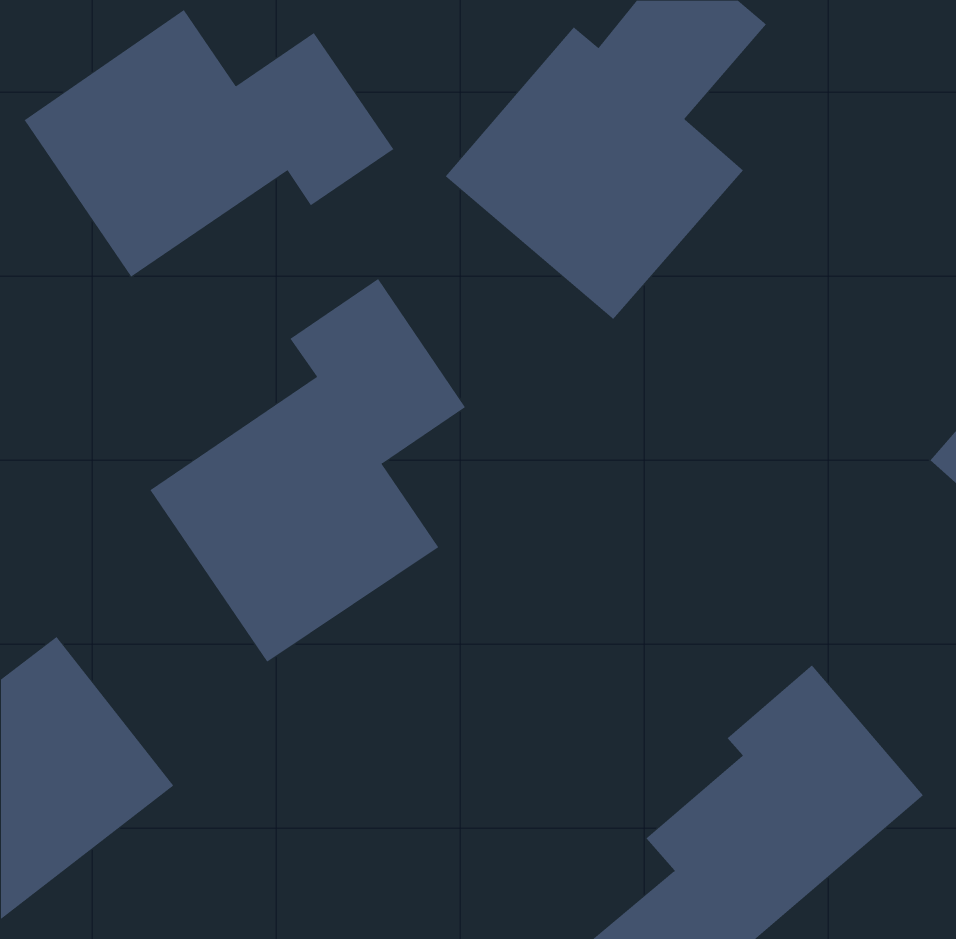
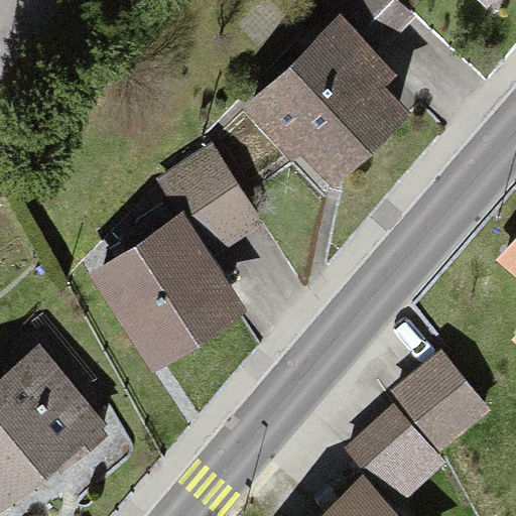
building: [24,9,394,277] -> none

